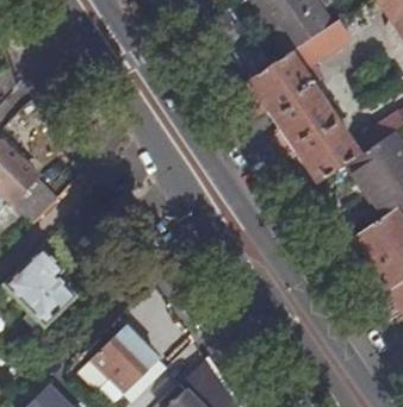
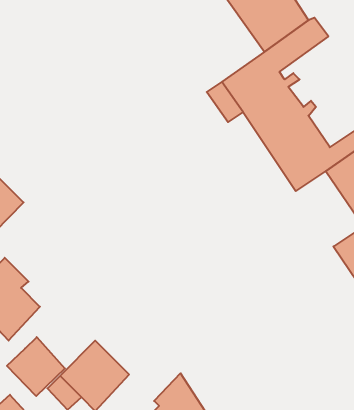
building: none -> [7,337,65,396]

